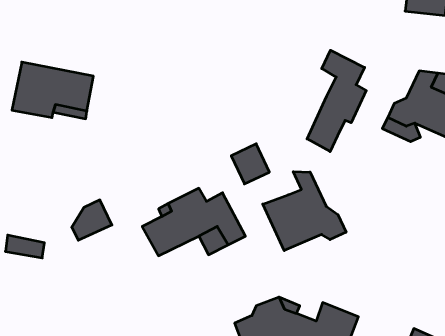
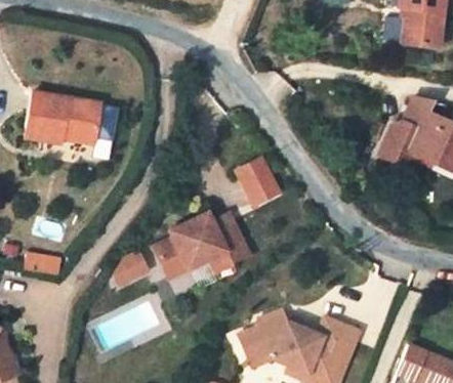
building: [307,50,366,152] -> none
building: [263,172,346,251] -> none
building: [72,200,112,240] -> [112,249,150,287]

